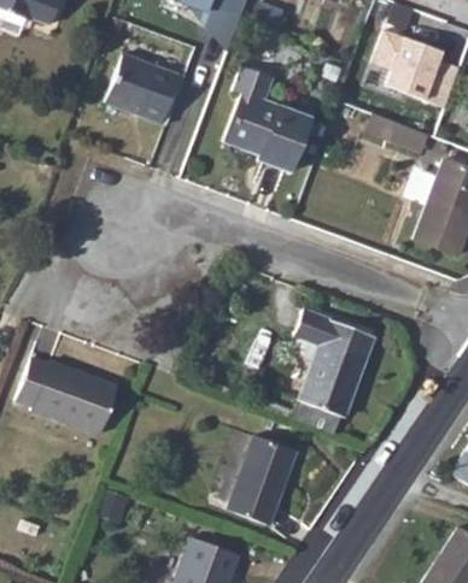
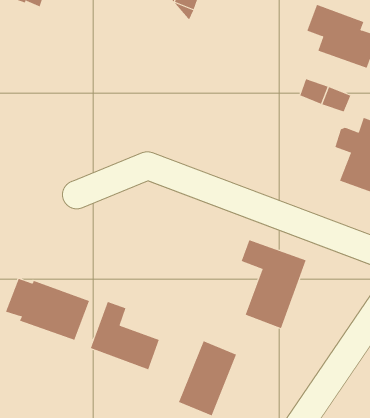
building: [109,58,192,126] -> none
building: [230,69,315,172] -> none
building: none -> [90,301,159,370]

